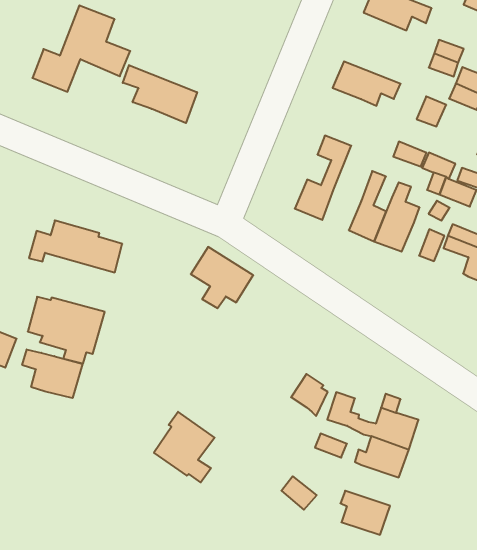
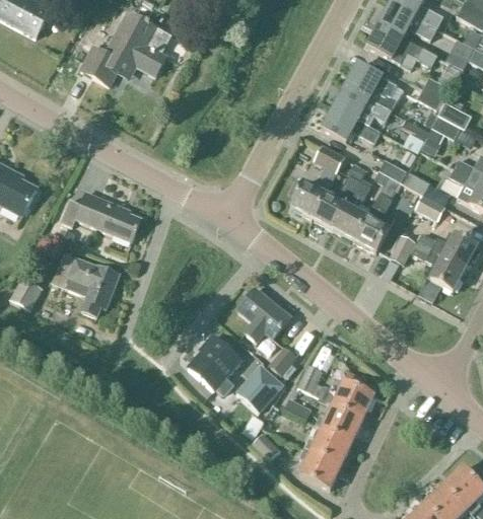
building: none -> [345,64,397,109]
building: [123,65,197,123] -> none
building: none -> [322,106,378,143]
building: none -> [312,174,358,228]
building: [191,247,253,308] -> [236,288,289,341]
building: [22,349,82,398] -> none
building: none -> [235,363,283,412]
building: [154,412,215,482] -> [188,335,240,396]
building: none -> [304,428,351,465]

